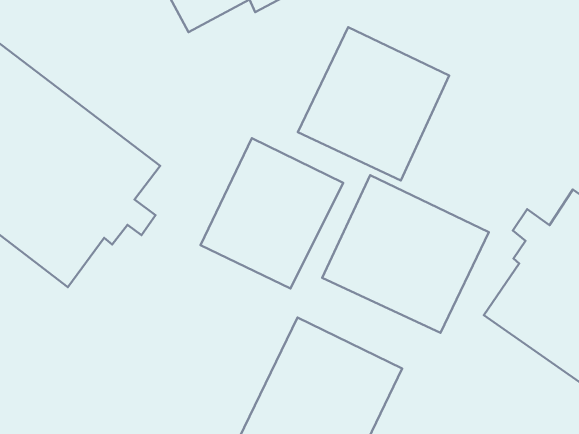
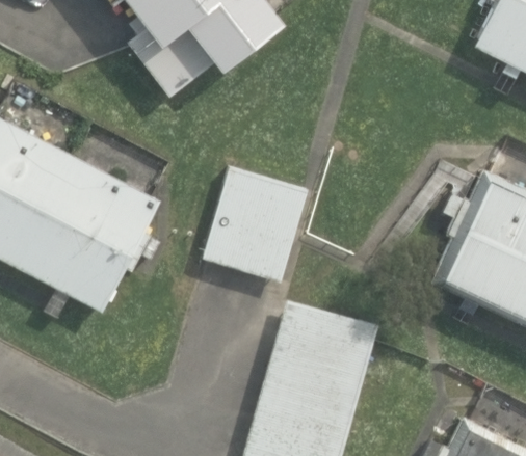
building: [298,27,449,181] -> none
building: [322,175,489,333] -> none

